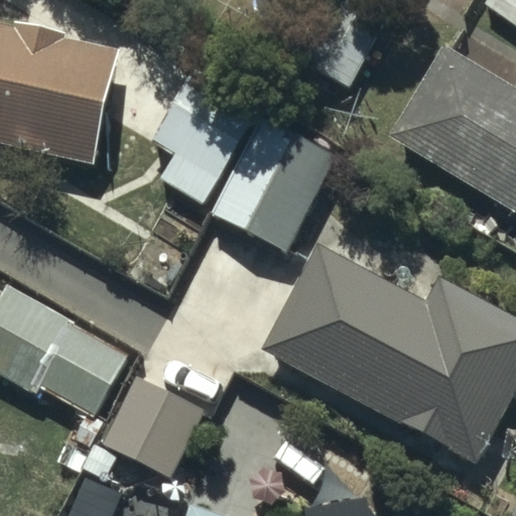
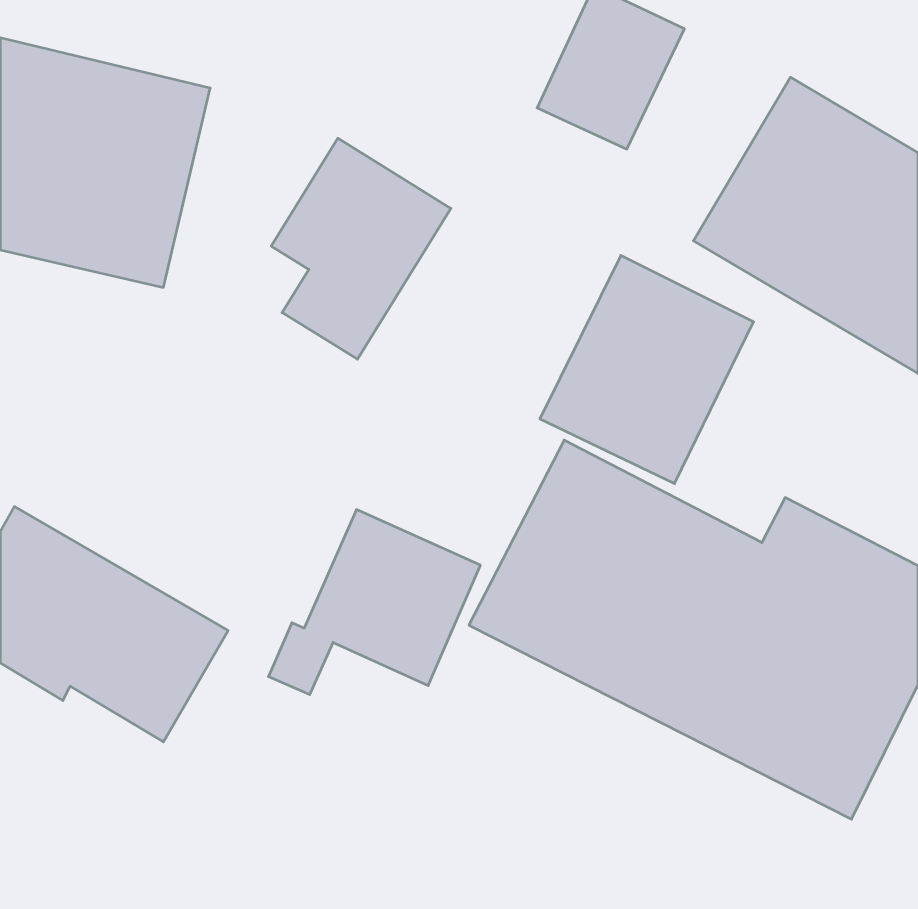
building: [213,118,333,246] -> [540,255,754,484]
building: [83,378,202,482] -> [268,510,480,695]

